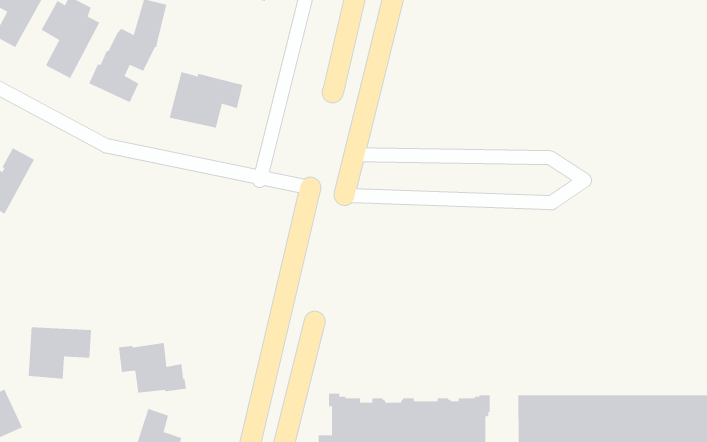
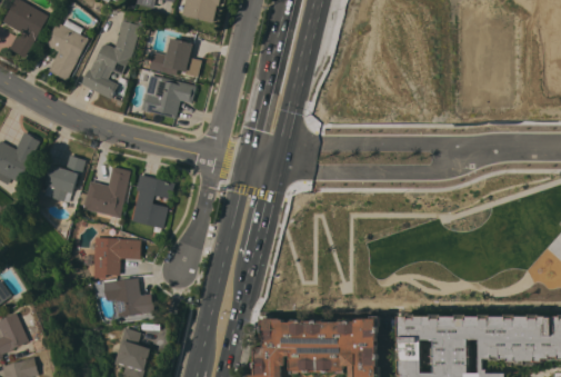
building: none -> [148,38,201,83]
building: none -> [43,155,86,201]
building: none -> [82,166,130,218]
building: none -> [131,175,174,229]
building: [28,327,92,379] -> [92,237,140,276]

